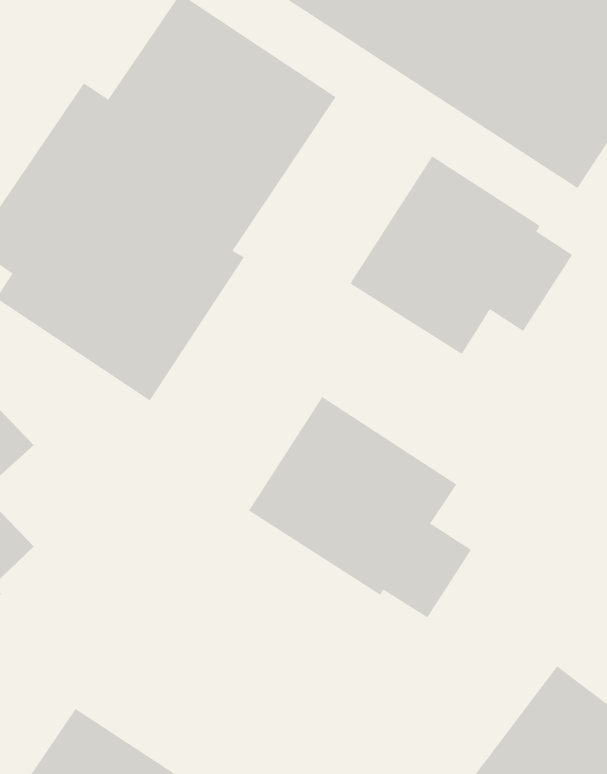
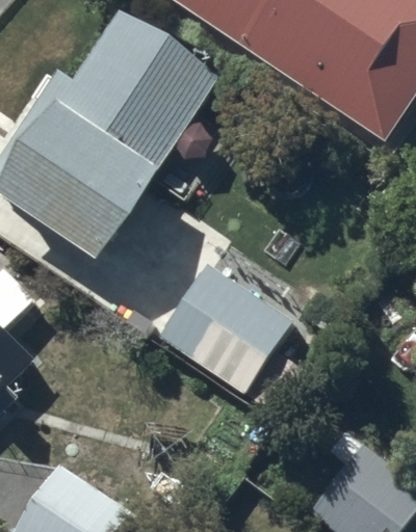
building: [350,155,573,355] -> none

